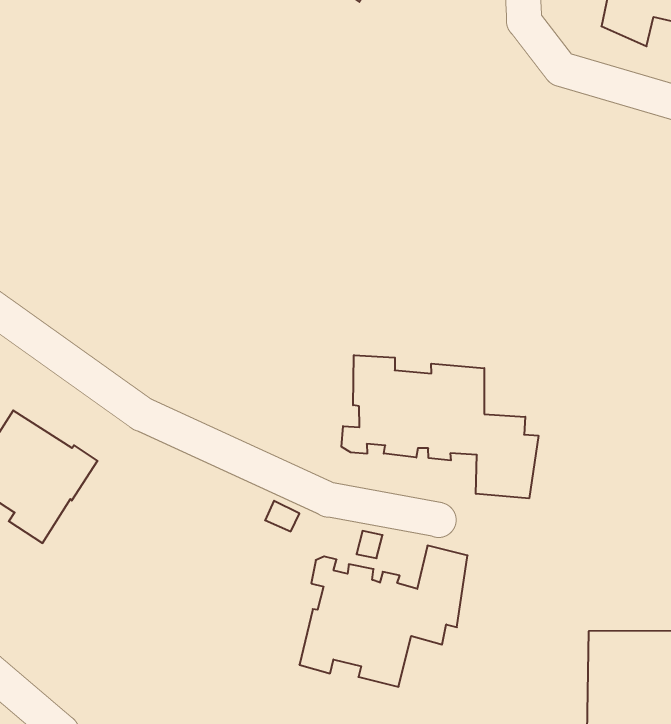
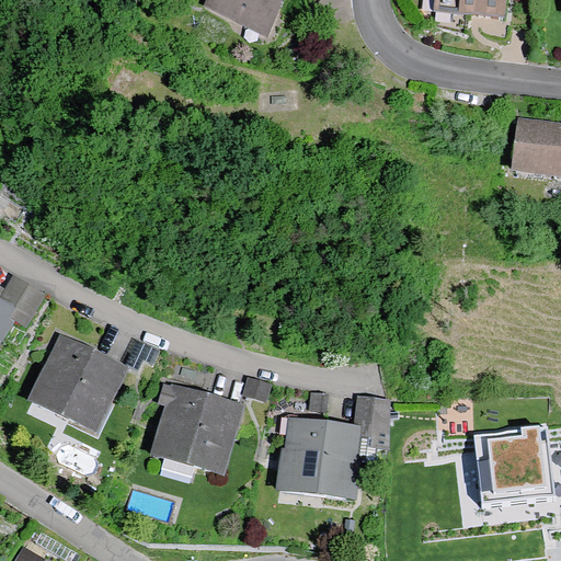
building: [341,355,538,498] -> none
building: none -> [151,386,239,476]

